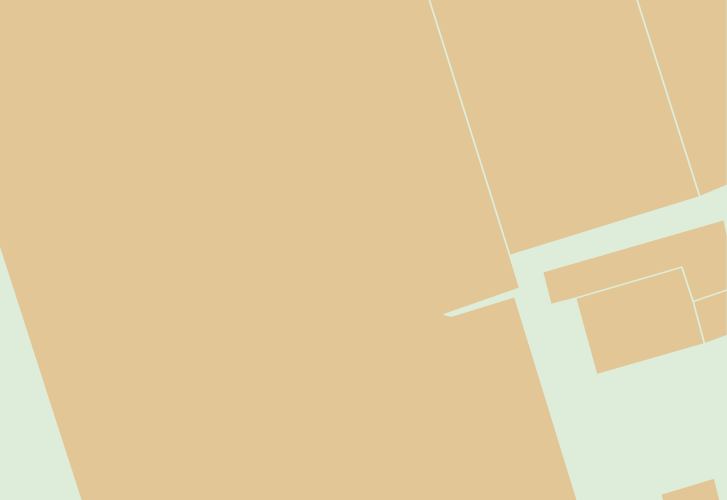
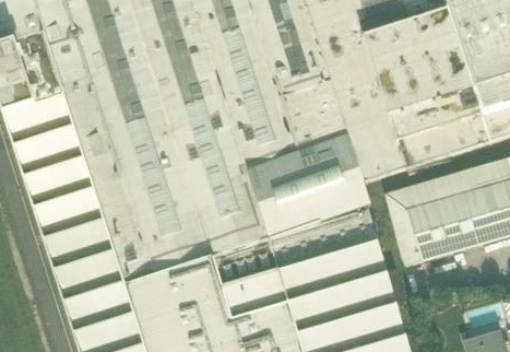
building: none -> [391,210,422,266]

